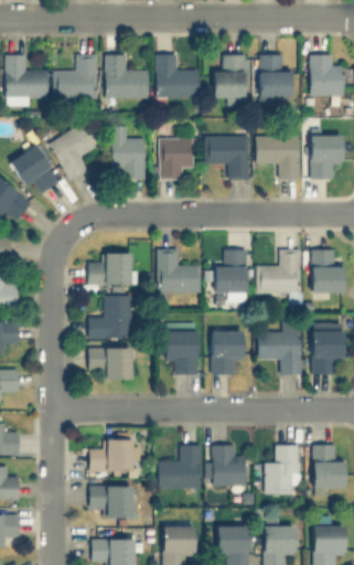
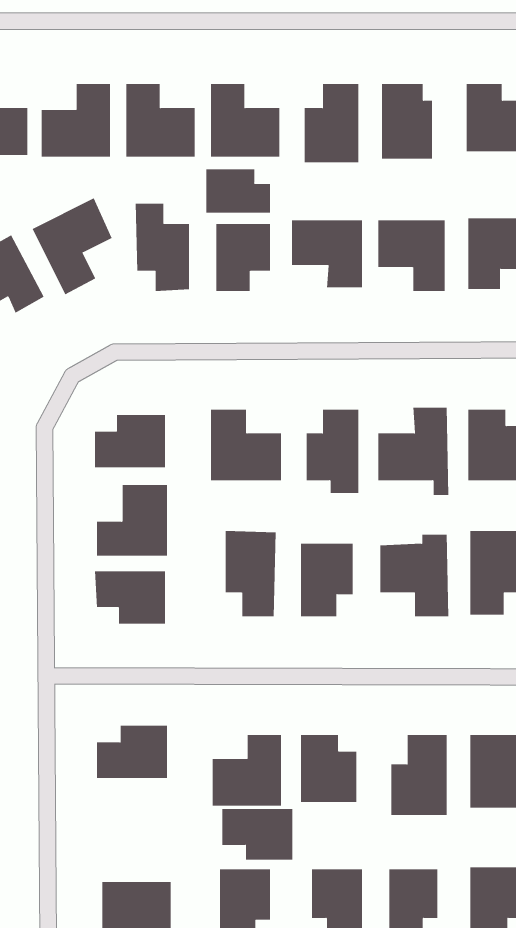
building: none -> [206,169,270,214]
building: [88,487,131,518] -> [221,809,293,860]

